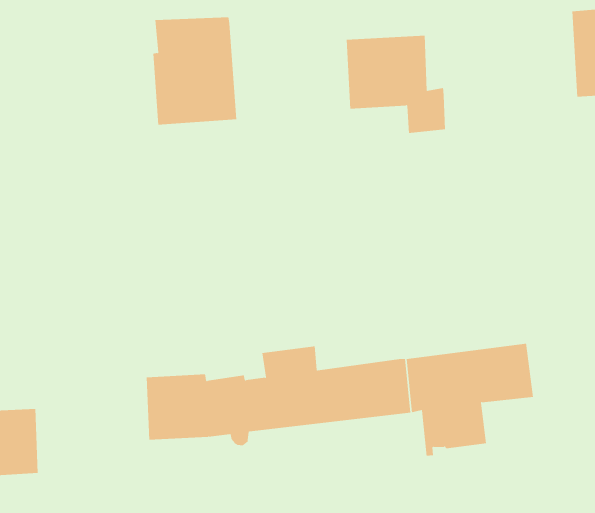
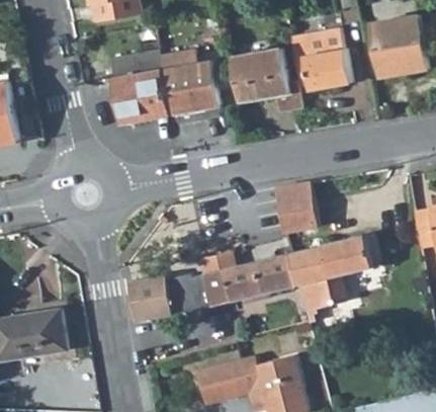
building: none -> [287,27,349,89]
building: none -> [157,49,217,114]
building: none -> [274,182,319,233]

